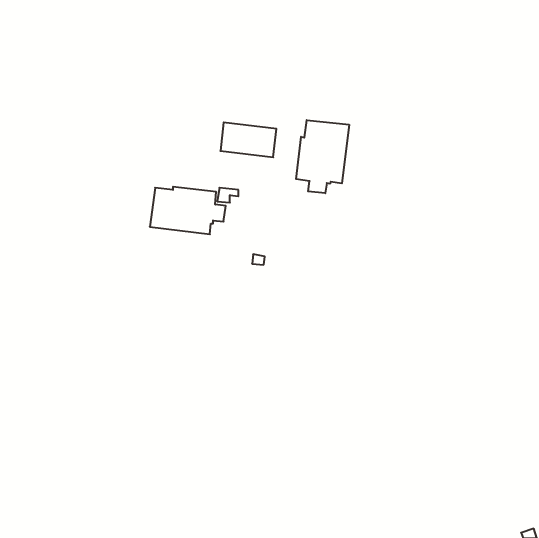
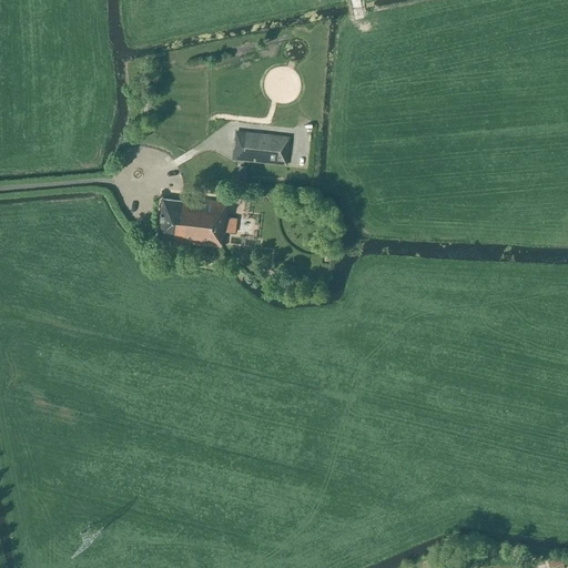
building: [296,120,349,193] -> none

